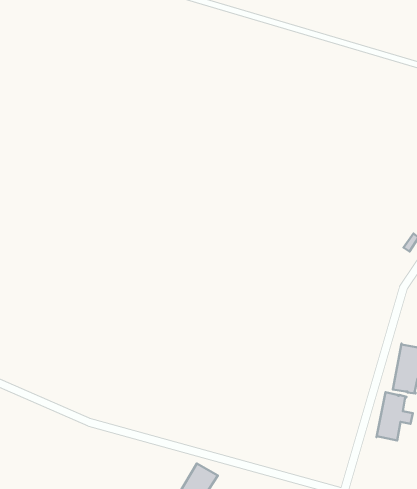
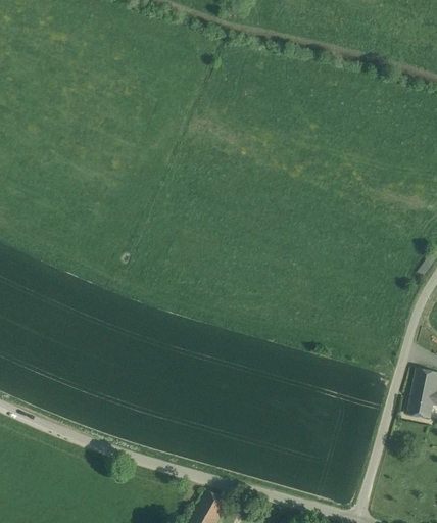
building: [377,392,413,441] -> none

